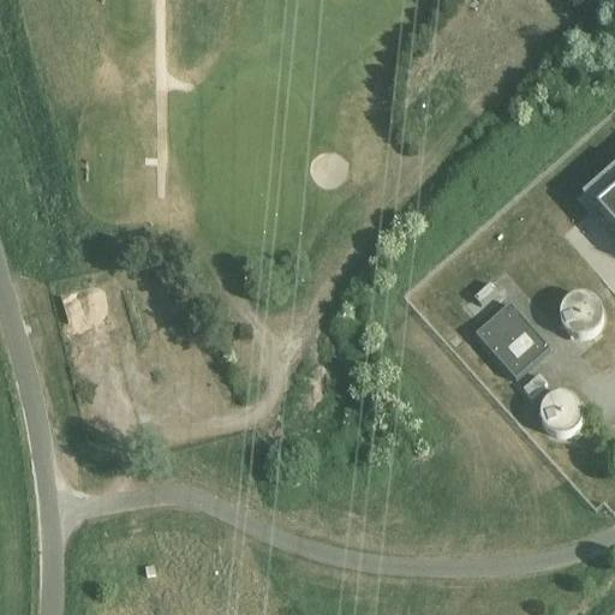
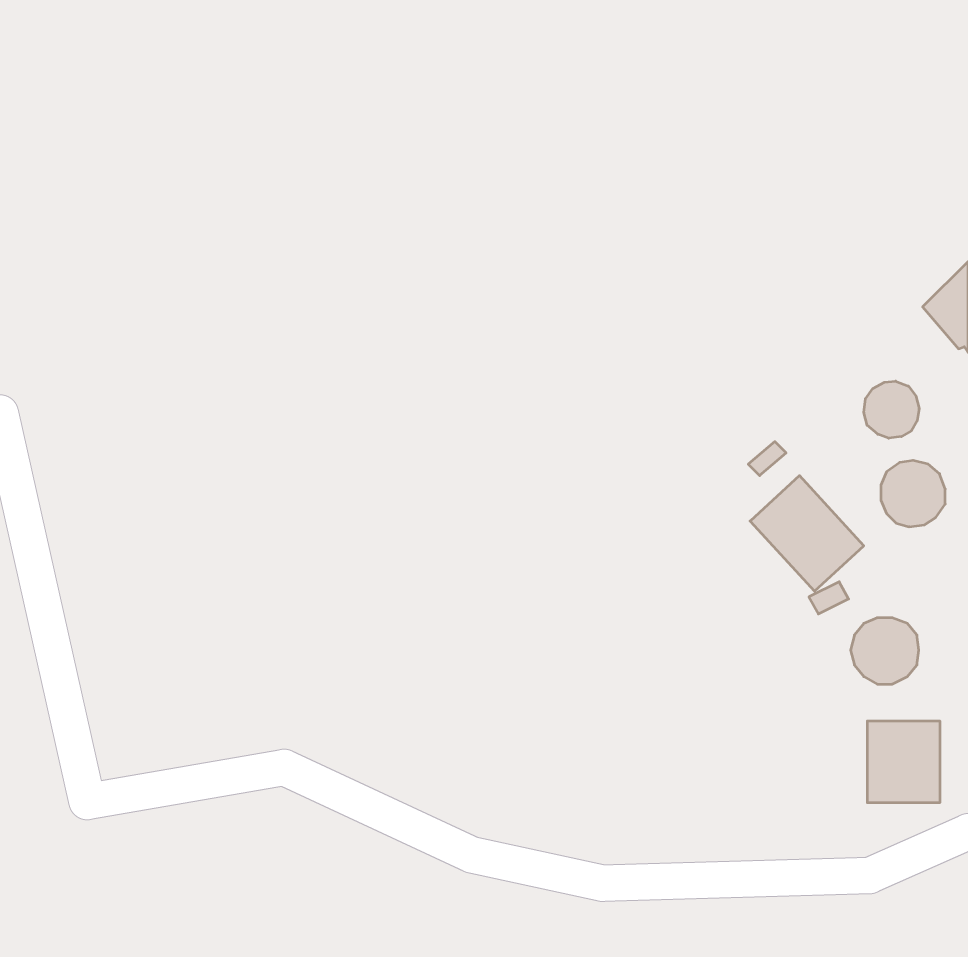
building: none -> [864,381,919,438]
building: none -> [867,721,940,803]

